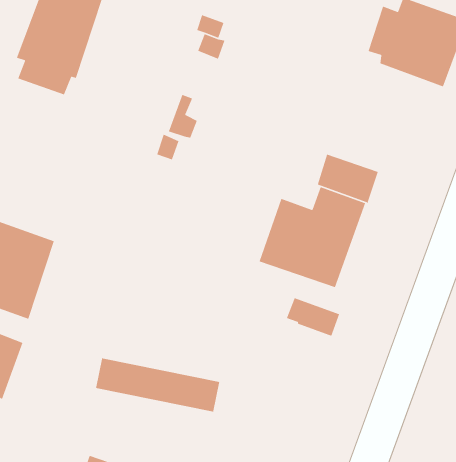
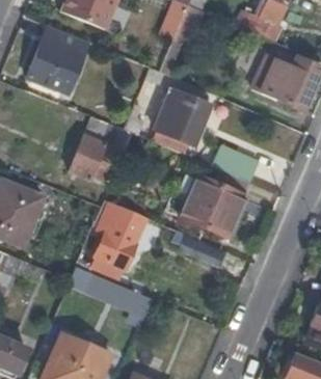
building: none -> [152,84,208,154]
building: none -> [69,136,114,183]
building: none -> [95,201,148,277]

